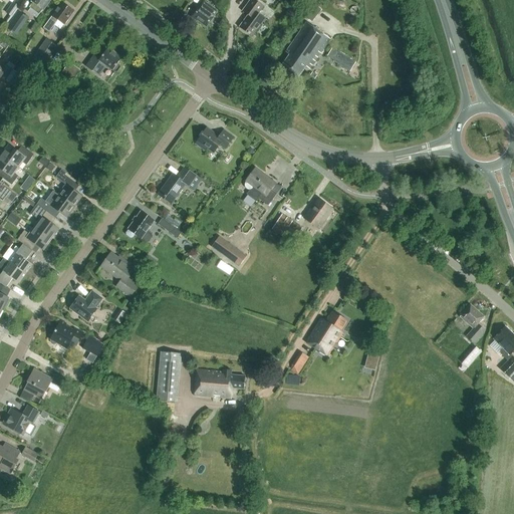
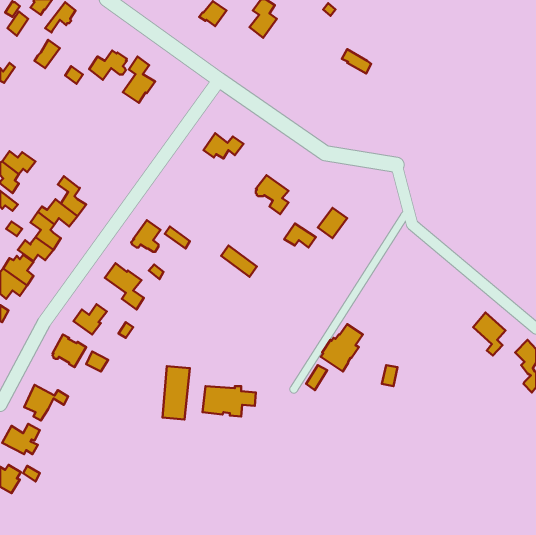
building: [280,22,330,78] -> none
building: none -> [123,56,155,103]
building: [158,167,201,203] -> none

